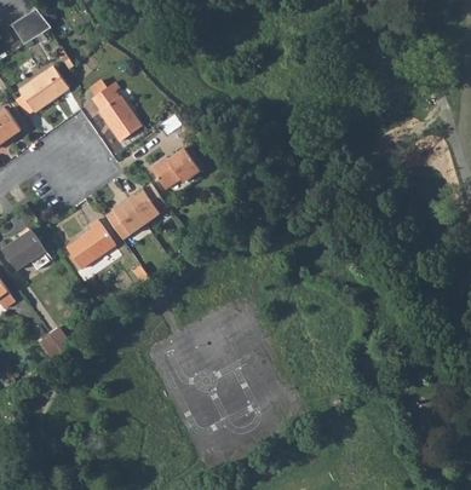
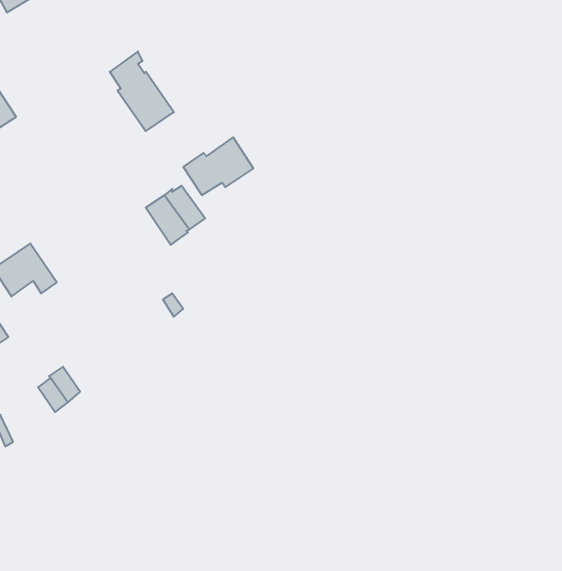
building: [17,67,67,113] -> none
building: [103,201,138,241] -> none
building: [64,219,113,269] -> none

